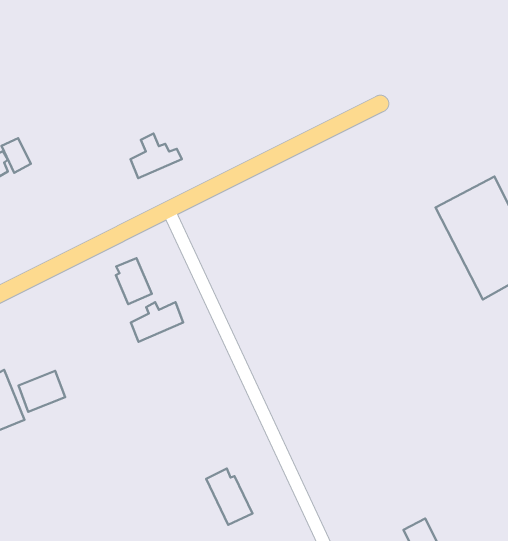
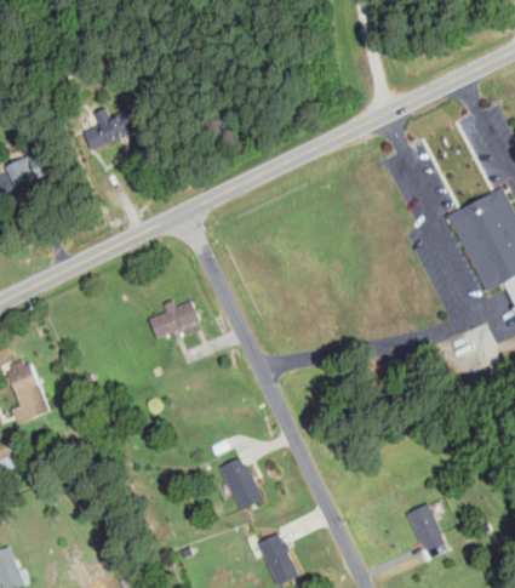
building: [131,133,182,178] -> [85,107,133,149]
building: [116,258,152,304] -> none
building: [18,371,65,412] -> none

